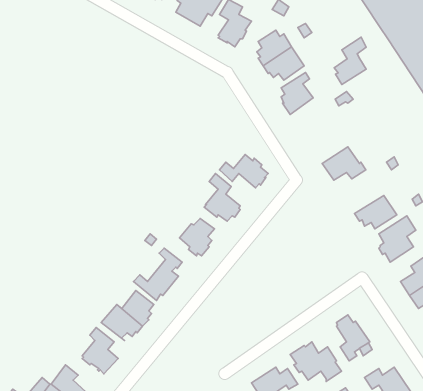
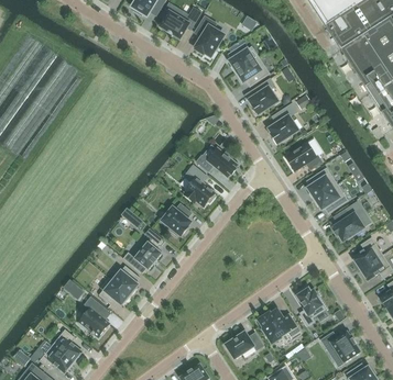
building: [334,37,366,84] -> [270,102,297,143]
building: none -> [307,167,338,199]

